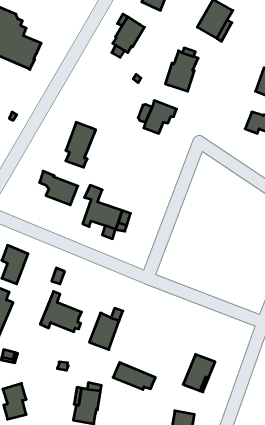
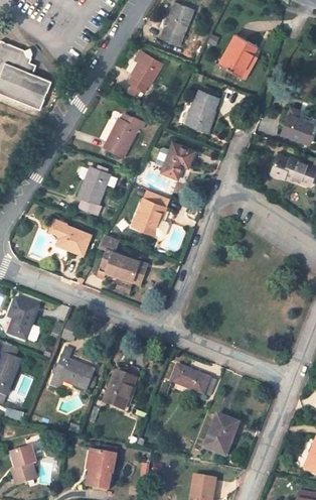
building: none -> [105,113,145,157]
building: none -> [132,190,169,236]
building: [113,362,155,390] -> [170,365,215,394]

